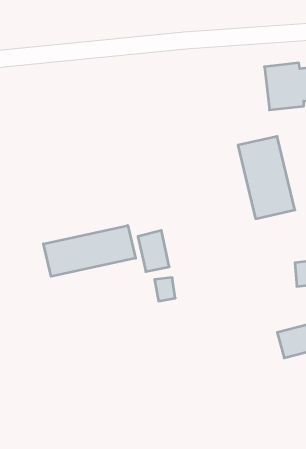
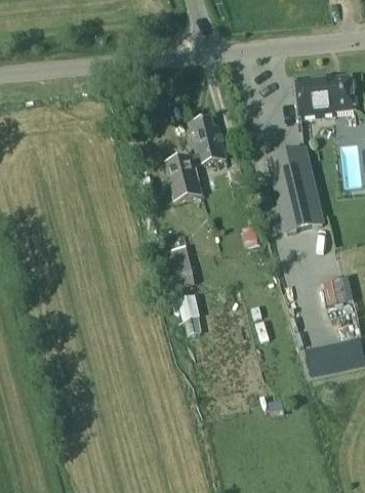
building: none -> [164,115,226,202]
building: [43,225,136,276] -> none

